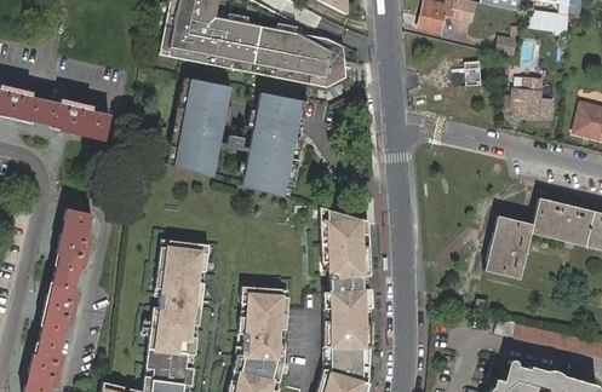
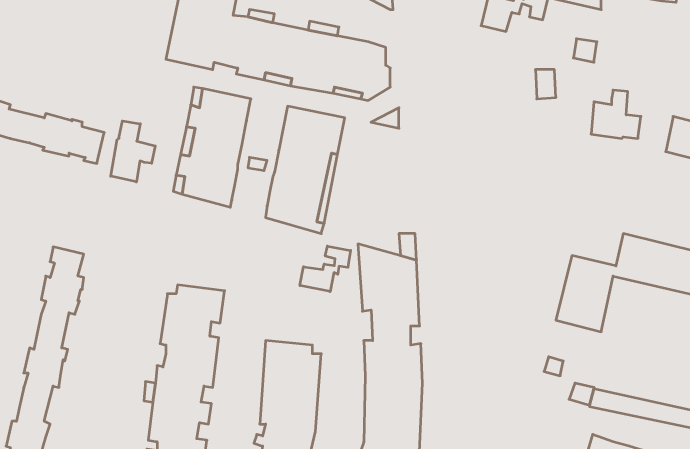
building: [532,10,569,35] -> none
building: none -> [111,121,155,182]
building: none -> [300,246,351,292]

